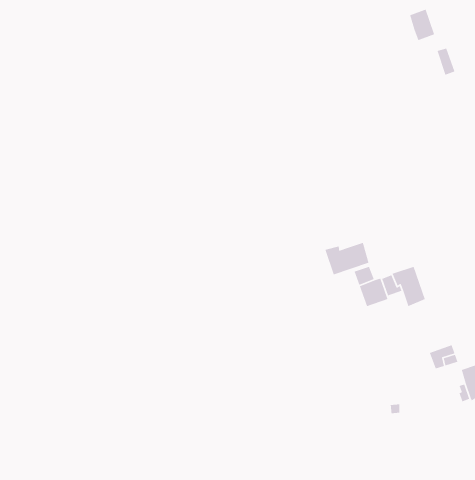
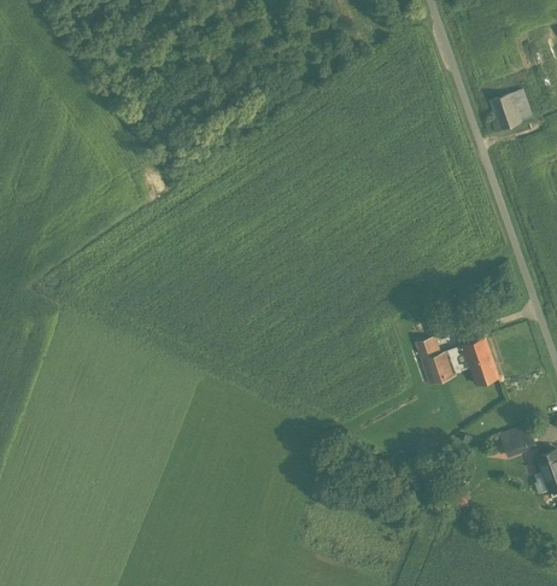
building: [409,8,435,41] -> [491,93,520,130]
building: [324,242,369,275] -> none

